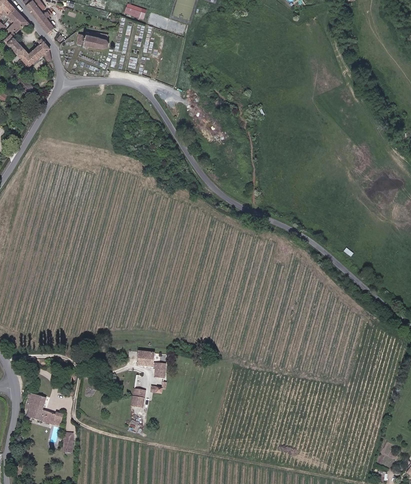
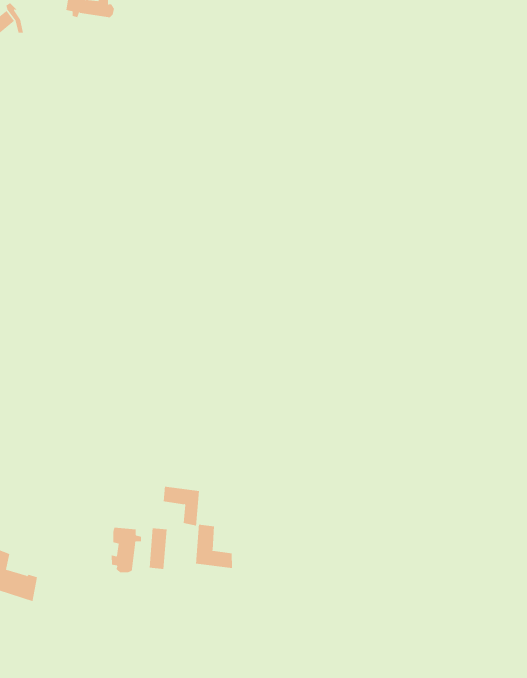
building: none -> [195,524,232,569]
building: none -> [111,527,141,573]

